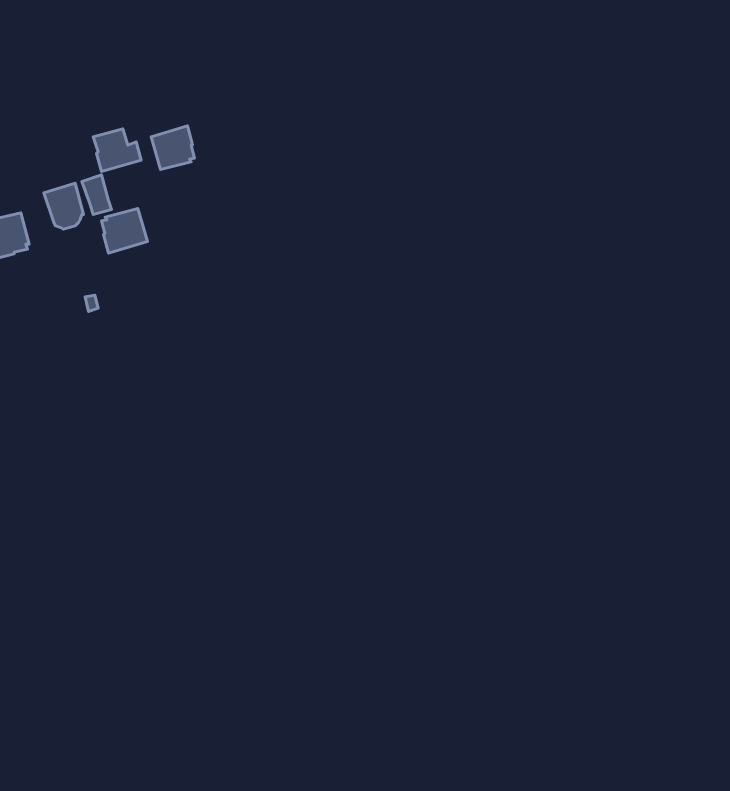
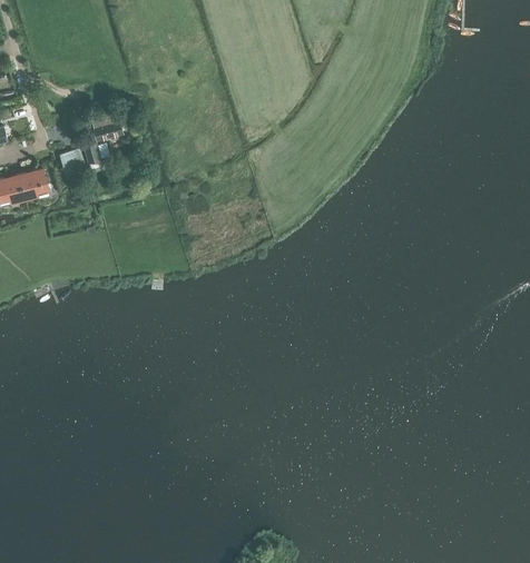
building: [151,126,195,170] -> none
building: [102,209,147,253] -> none

